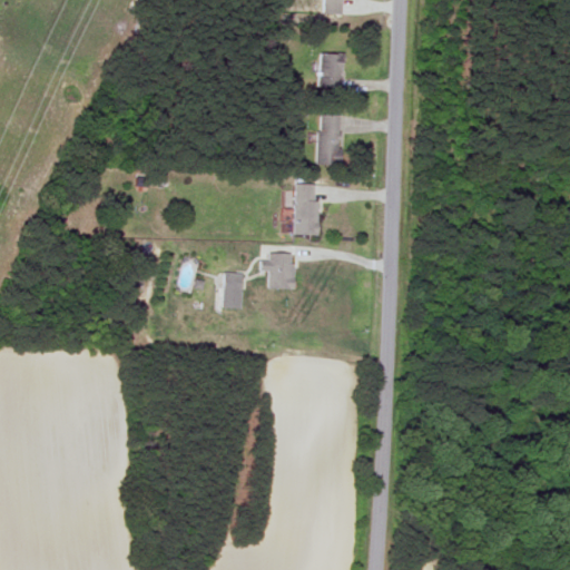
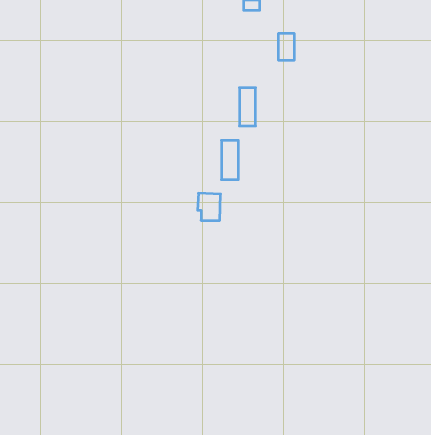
building: [322,53,343,88] -> [278,34,294,60]
building: [226,272,246,308] -> none

